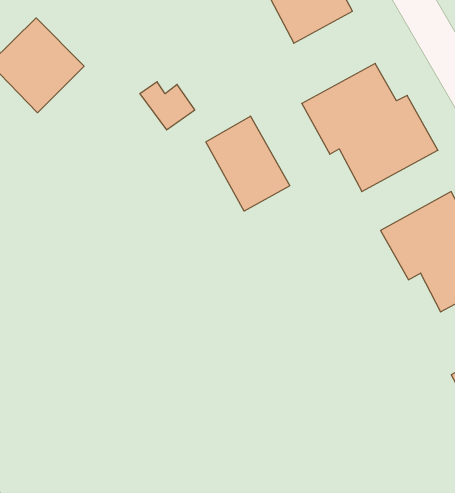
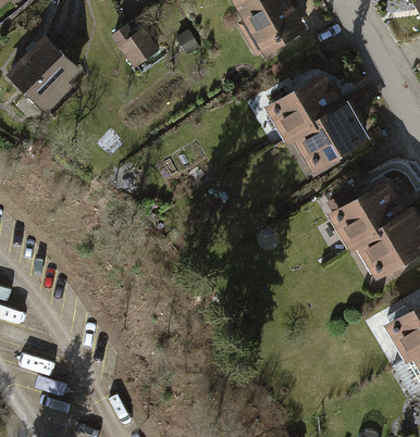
building: [140,82,195,130] -> [113,28,158,67]
building: [206,116,290,211] -> none

